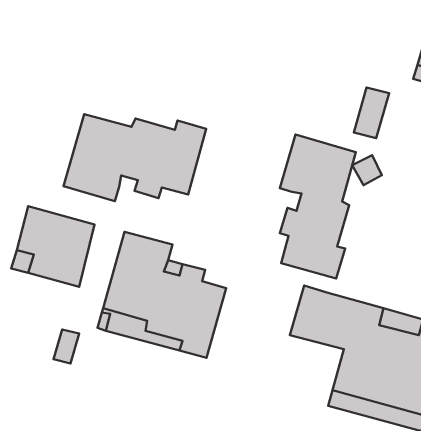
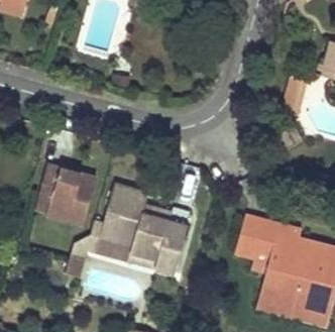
building: [63,114,206,201] -> none
building: [280,134,356,279] -> none

